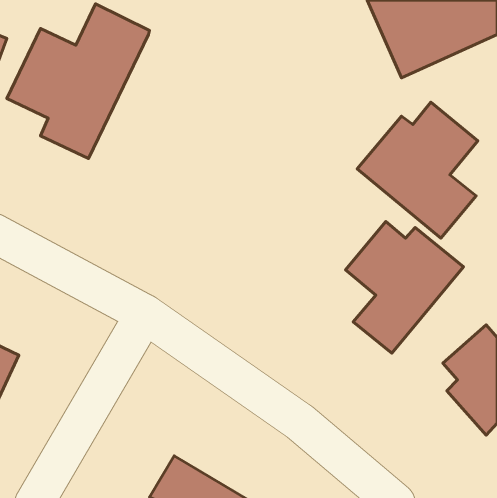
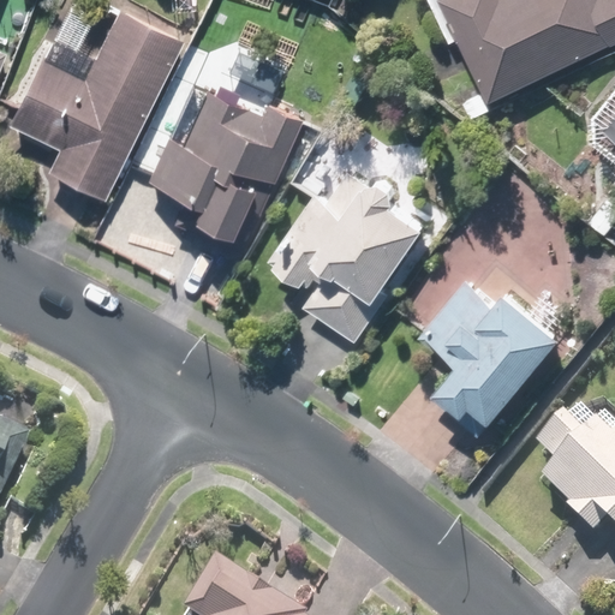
building: none -> [150,74,299,253]
building: [357,102,478,238] -> none
building: none -> [270,165,438,342]

